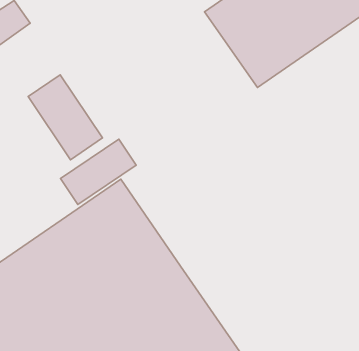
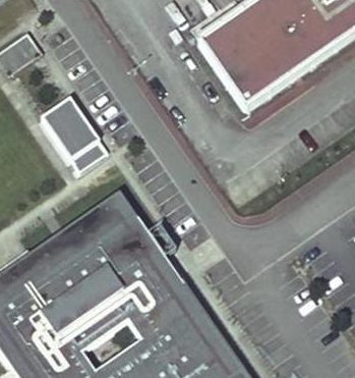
building: [60,139,136,205] -> none

